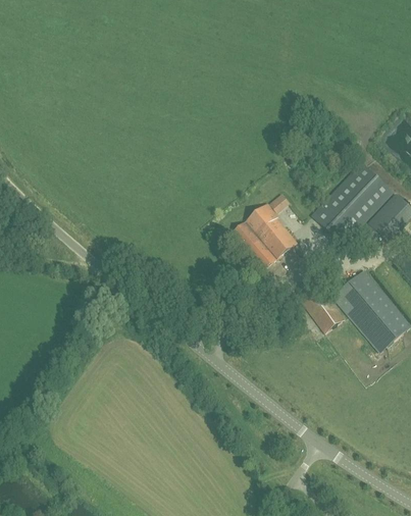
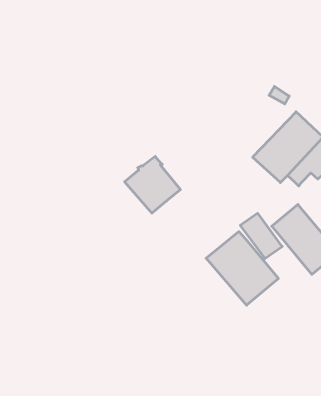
building: [232,203,297,269] -> [125,156,180,213]
building: none -> [206,232,278,305]

